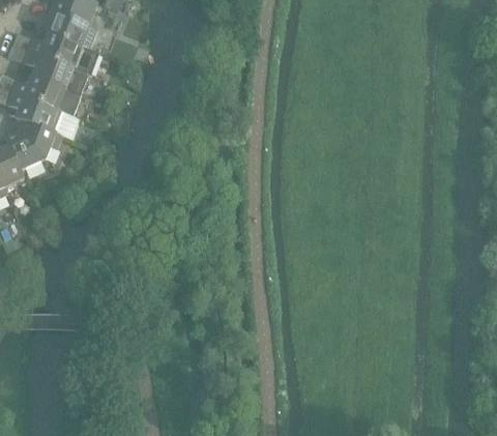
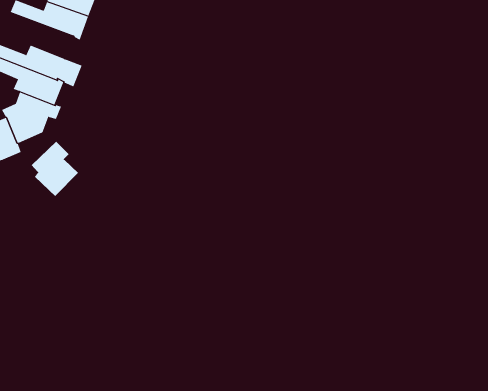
building: [7,42,72,87] -> none
building: none -> [31,141,79,197]

